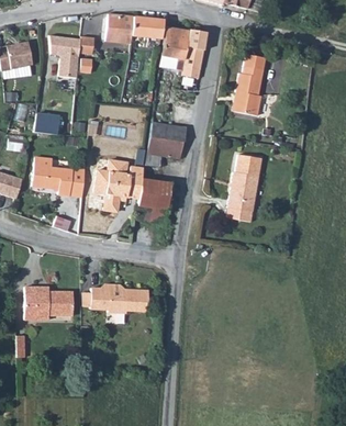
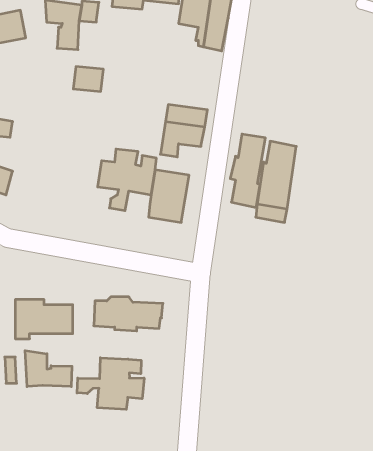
building: [235,54,265,115] -> [230,134,265,207]
building: [34,113,59,134] -> [73,67,103,91]
building: [32,157,72,195] -> none
building: none -> [25,351,72,387]
building: none -> [77,358,144,409]

